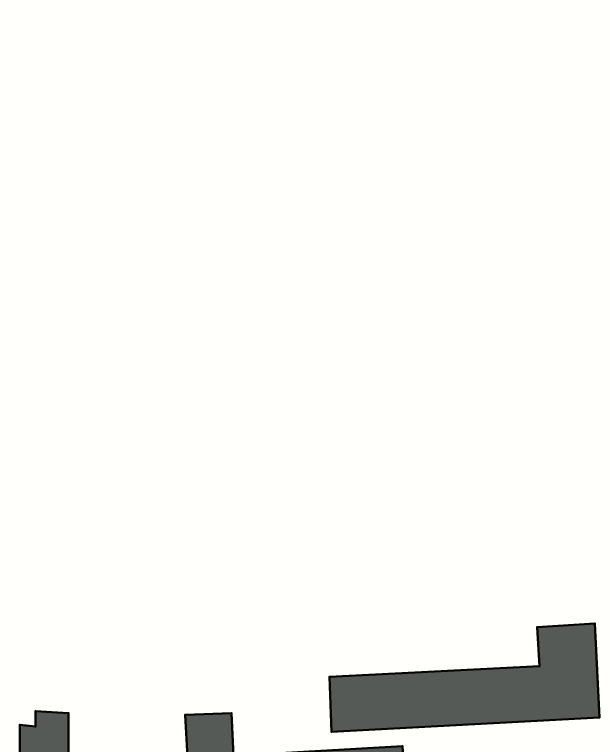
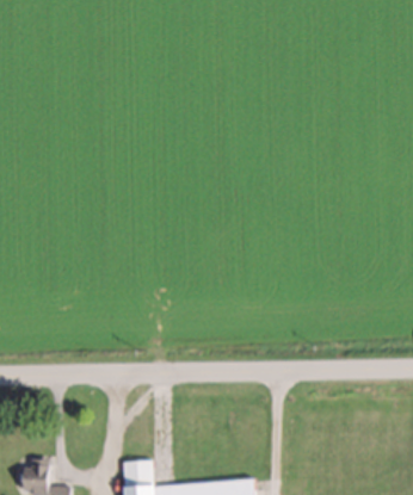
building: [329,624,600,732] -> none

